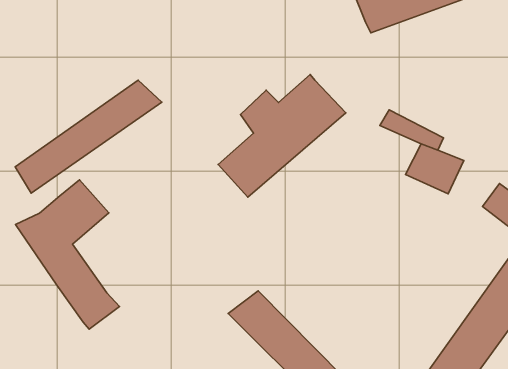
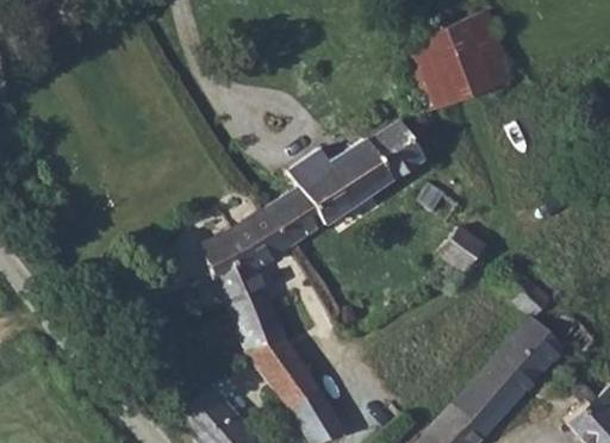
building: none -> [365,125,418,181]
building: [15,80,162,193] -> none
building: [15,180,119,329] -> [198,211,286,350]

